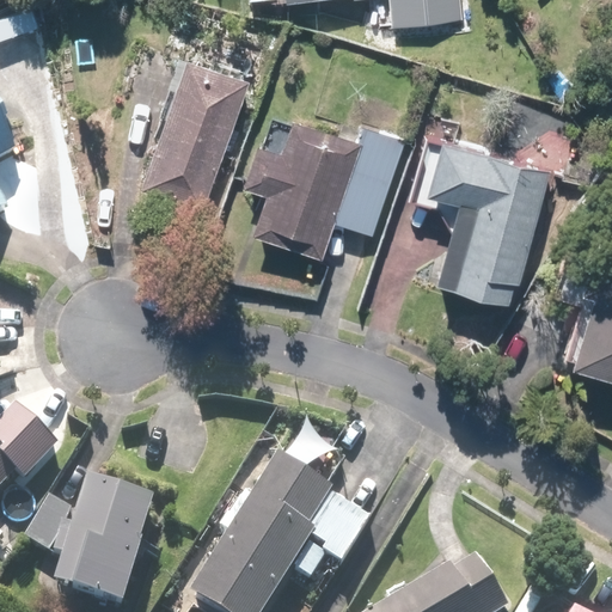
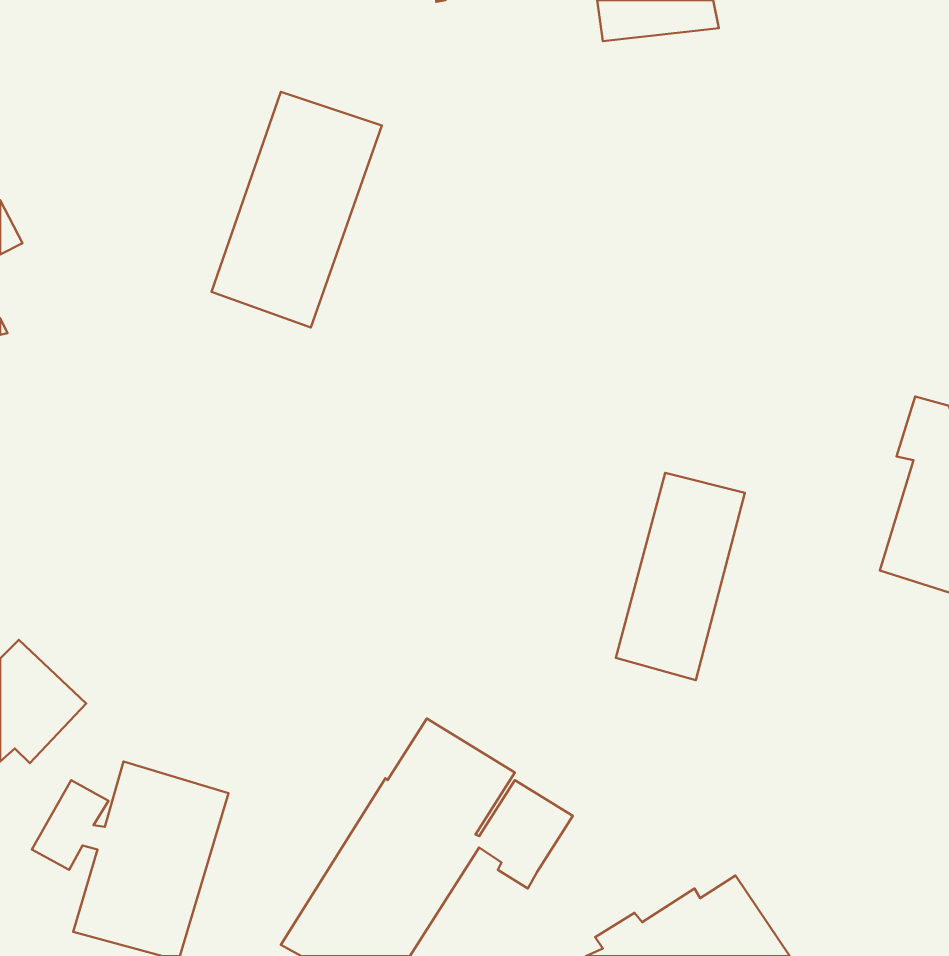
building: [240,118,405,261] -> none
building: [426,140,551,305] -> none
building: none -> [616,473,745,680]

